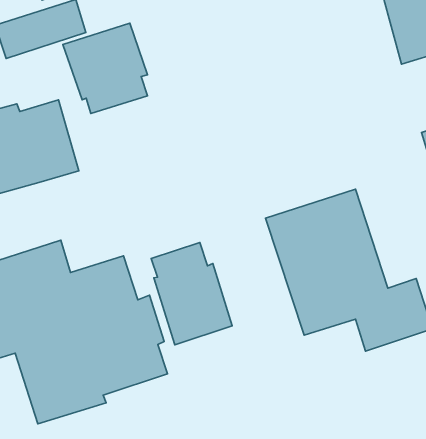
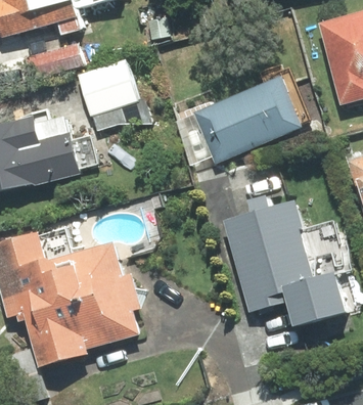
building: none -> [193,76,302,160]
building: [151,243,232,345] -> none

